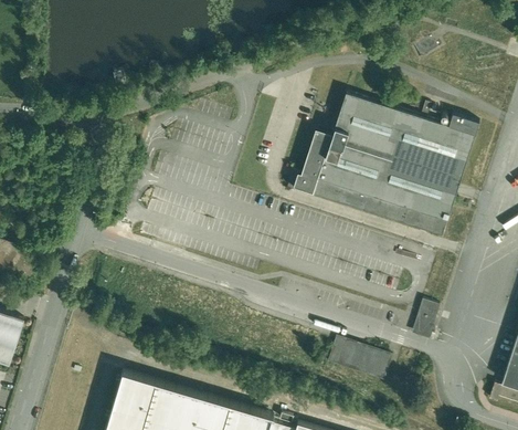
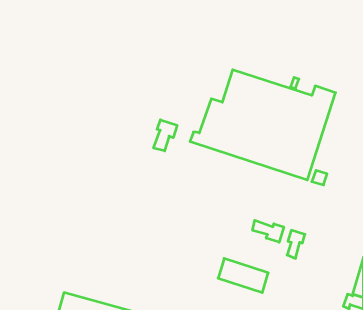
building: none -> [154,120,177,151]
building: none -> [253,220,284,242]

